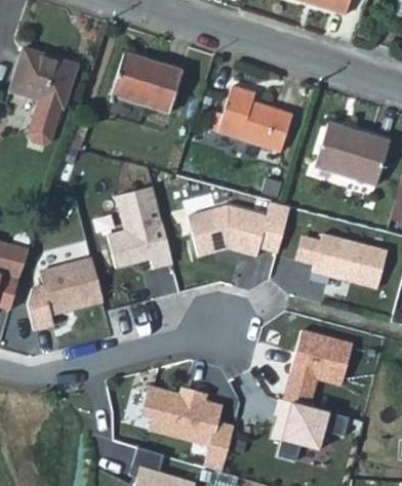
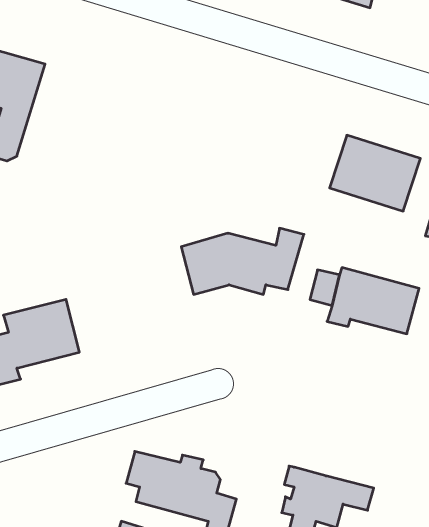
building: [107,51,183,123] -> none
building: [216,85,292,152] -> none
building: [109,191,173,269] -> none
building: [283,329,350,406] -> none

